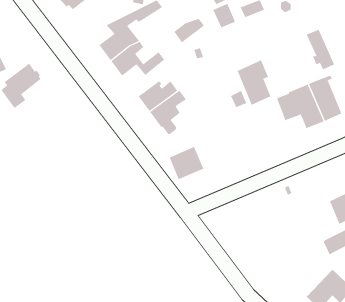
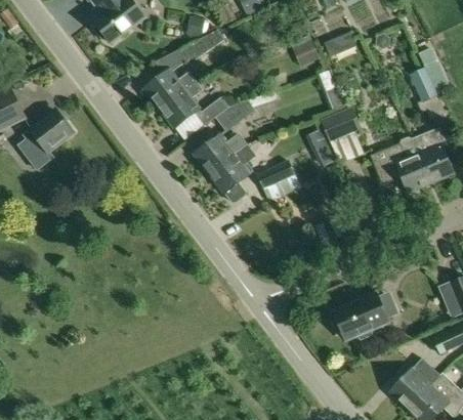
building: [173,18,205,43] -> [215,100,255,132]
building: [169,146,204,180] -> [257,160,302,203]
building: none -> [333,293,388,340]
building: none -> [391,360,443,409]

